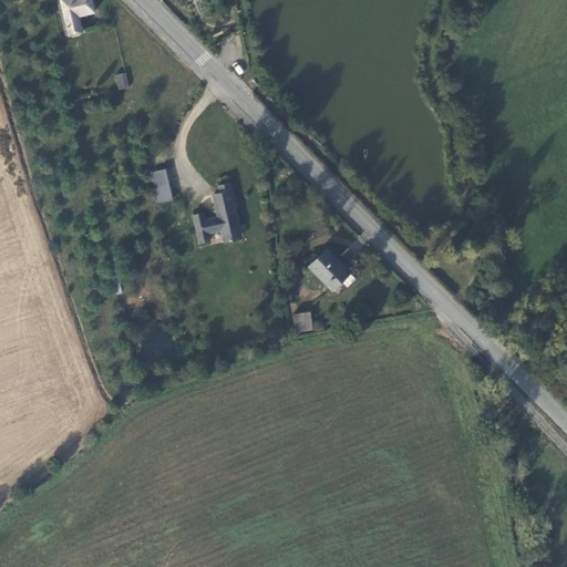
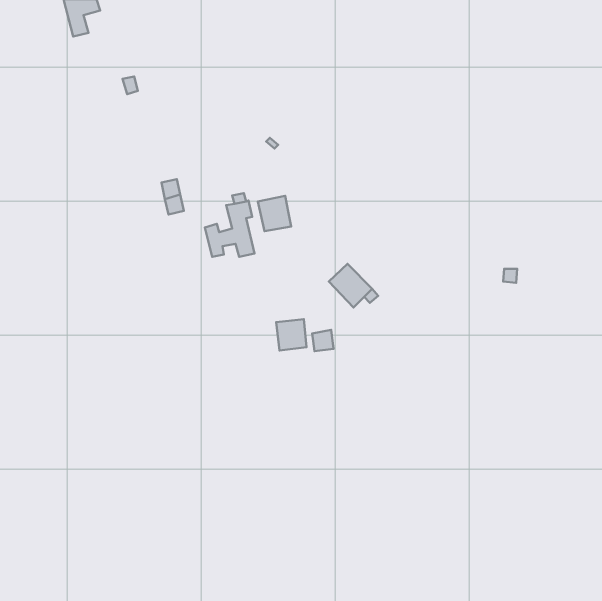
building: none -> [258,196,291,231]
building: none -> [276,319,307,351]

